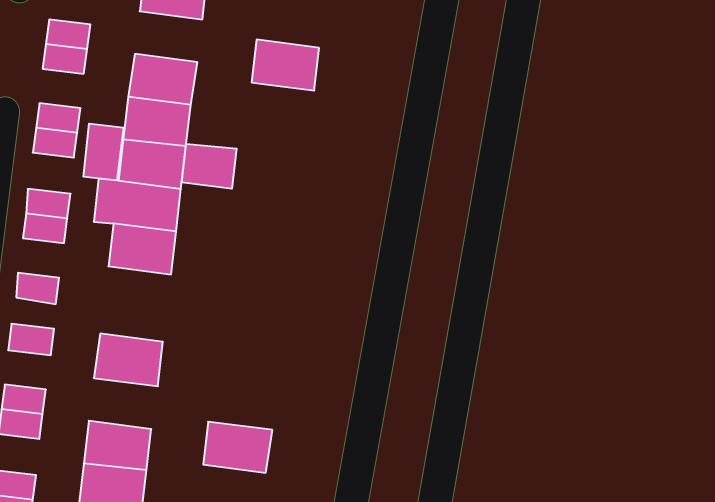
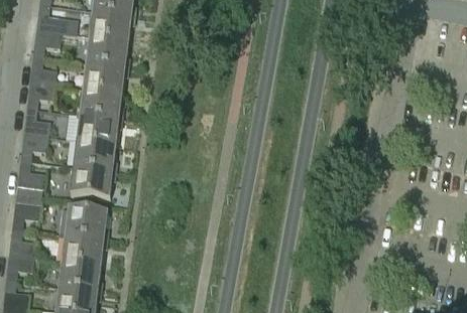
building: [252,40,319,91] -> [90,8,131,39]
building: [84,124,124,180] -> none
building: [182,144,237,189] -> none
building: none -> [70,164,112,196]
building: [203,422,272,473] -> [62,232,104,264]

